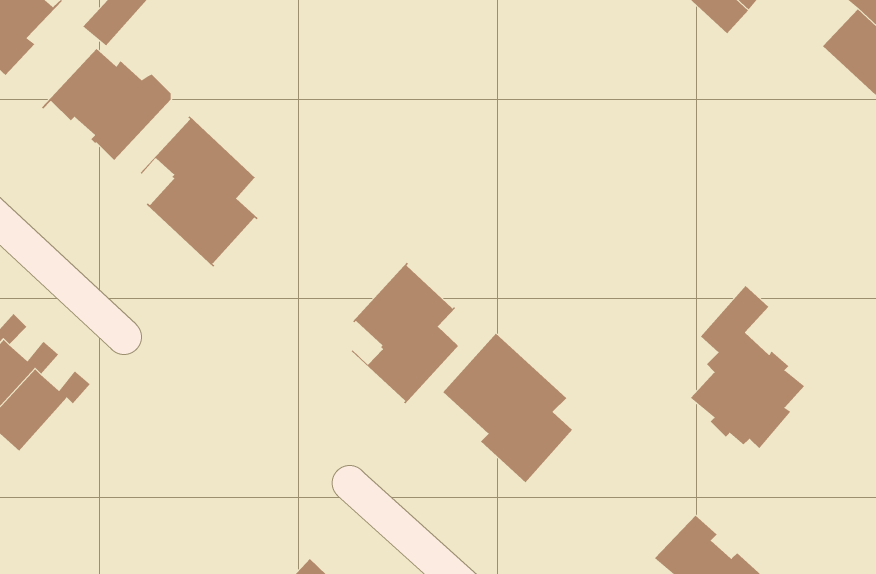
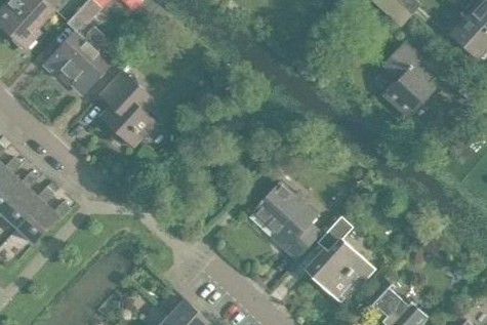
building: none -> [382,42,460,117]
building: [351,262,460,405] -> none
building: [690,285,805,449] -> [312,215,371,300]

